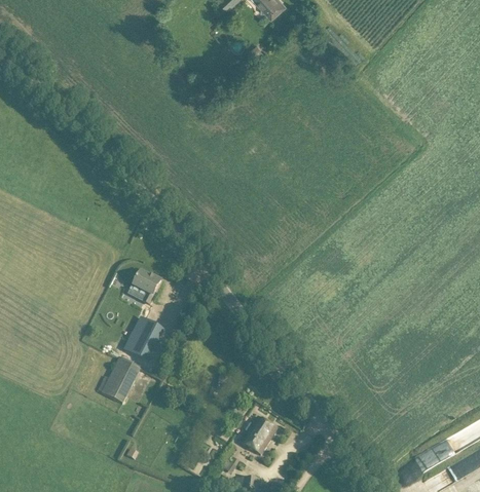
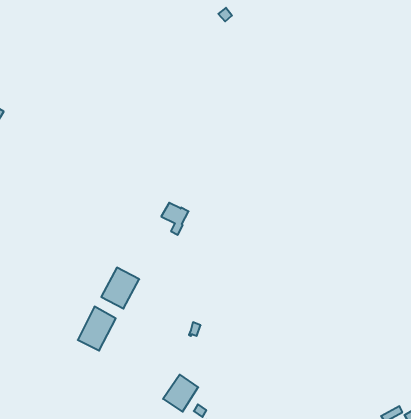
building: [132,269,160,303] -> [161,203,189,235]
building: [238,415,275,454] -> [163,375,198,412]

